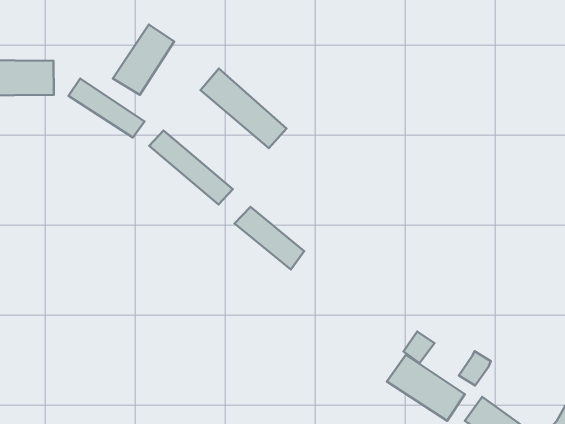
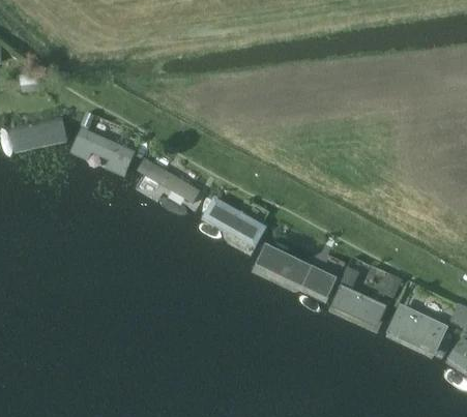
building: [113,24,174,95] -> none
building: [200,69,286,148] -> none
building: none -> [256,244,335,298]

